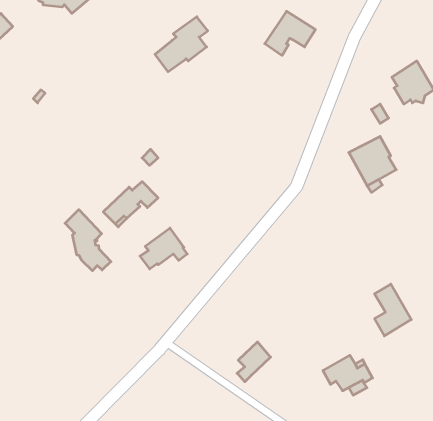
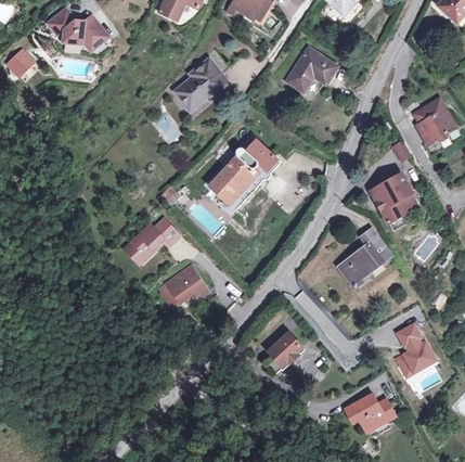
building: none -> [210,140,279,204]
building: none -> [338,229,391,287]
building: [65,210,111,271] -> none
building: [237,342,271,382] -> [268,333,301,373]

